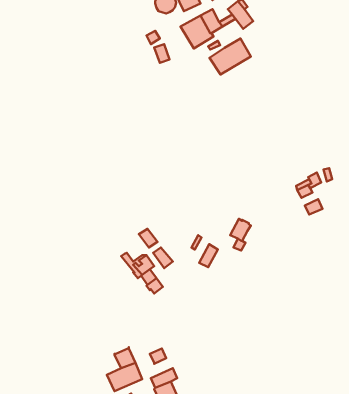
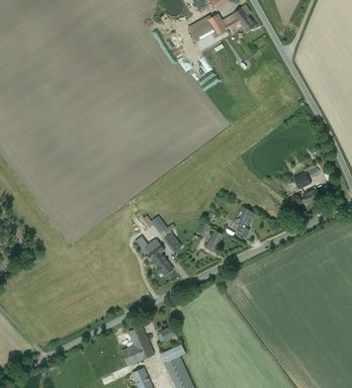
building: [210,39,251,75] -> none

